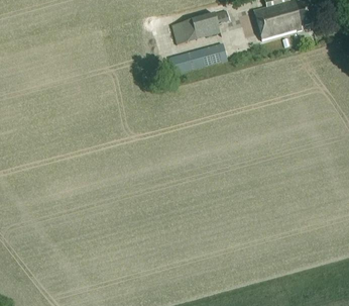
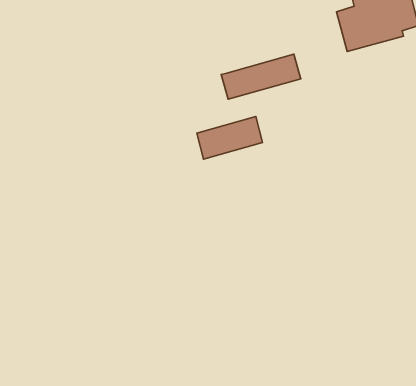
building: [172,12,221,43] -> [197,117,263,159]

